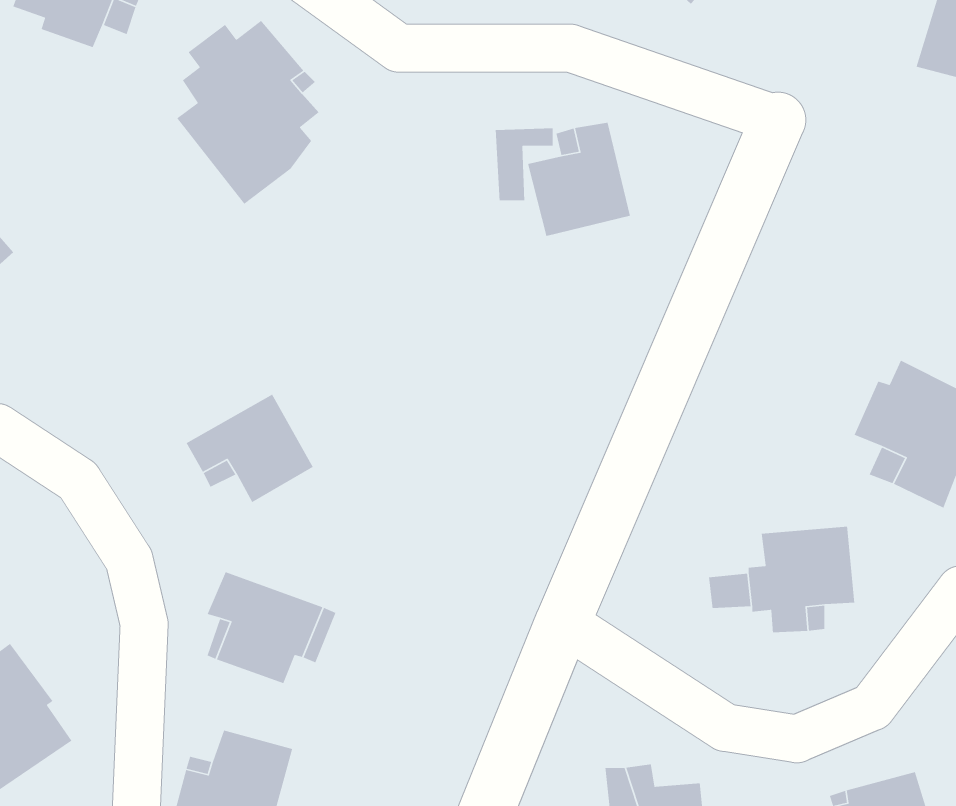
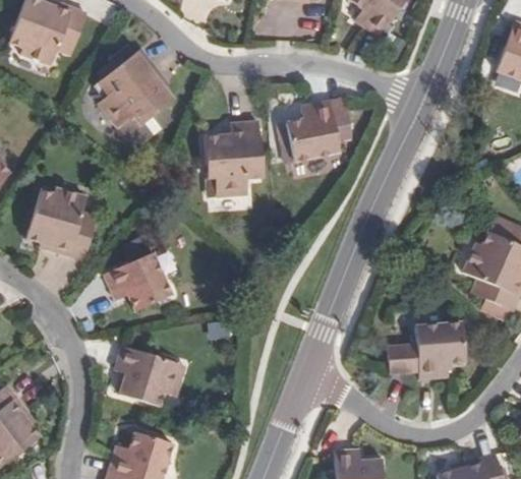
building: none -> [205,123,264,197]
building: none -> [23,187,96,257]

